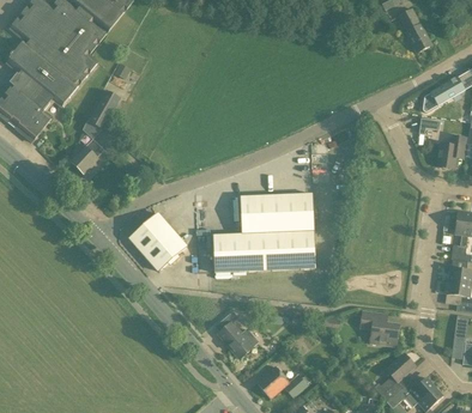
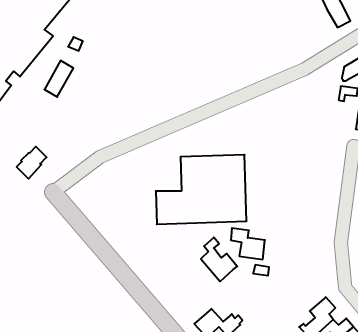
building: [71,138,104,174] -> [17,147,47,179]
building: [128,213,186,271] -> none
building: [218,310,259,359] -> [201,237,237,281]
building: [361,311,399,346] -> [231,228,265,259]

